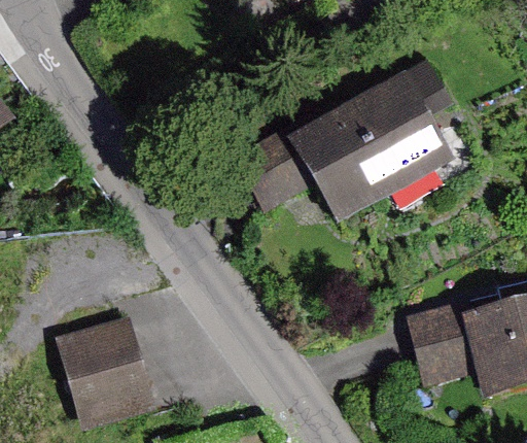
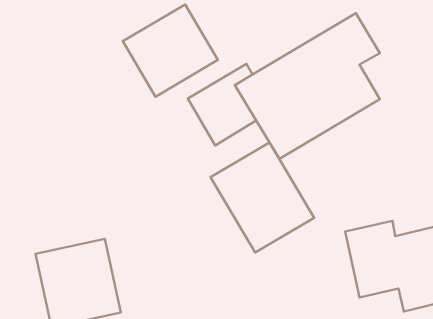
building: none -> [123,5,218,97]
building: none -> [211,143,314,252]

